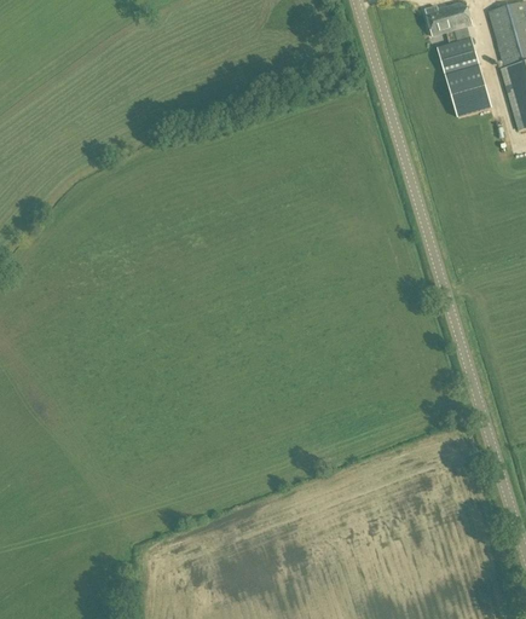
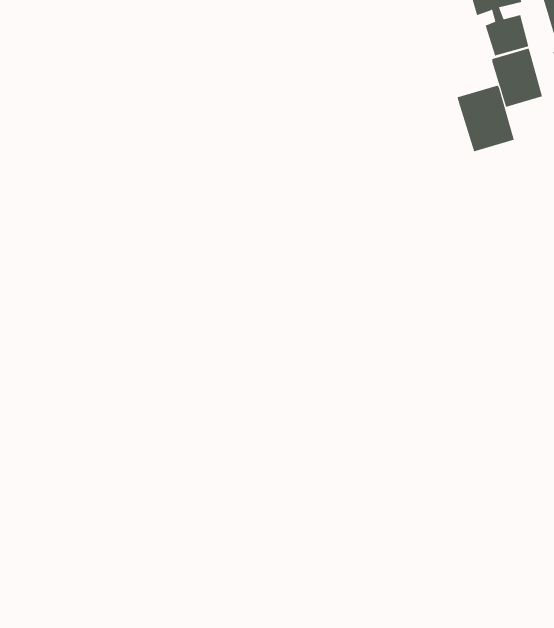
building: none -> [457,85,515,152]

